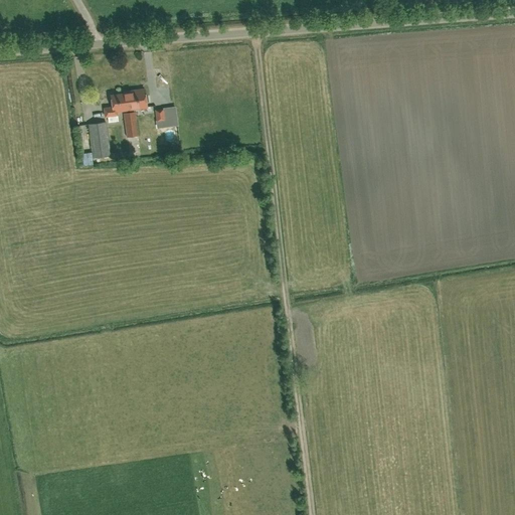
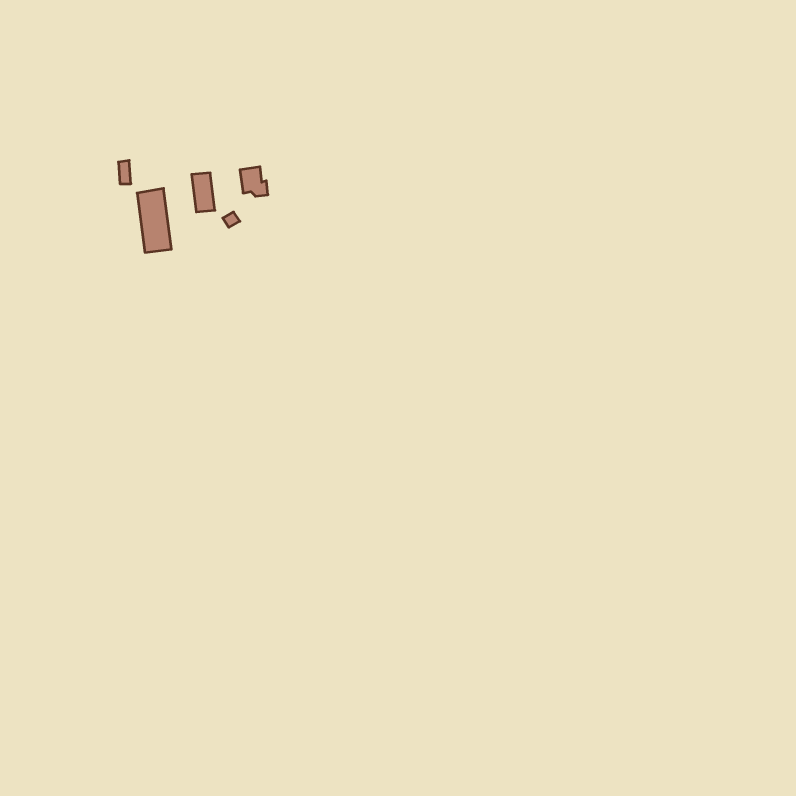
building: [104,90,146,117] -> none

